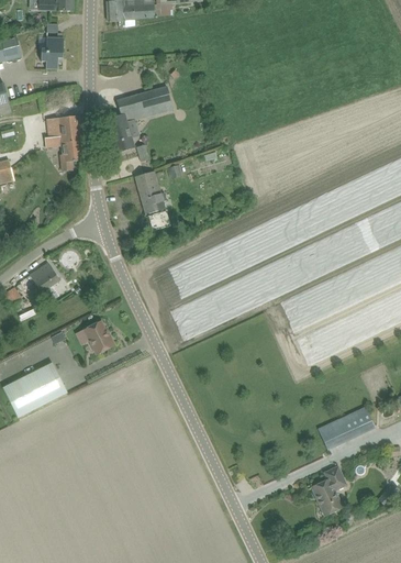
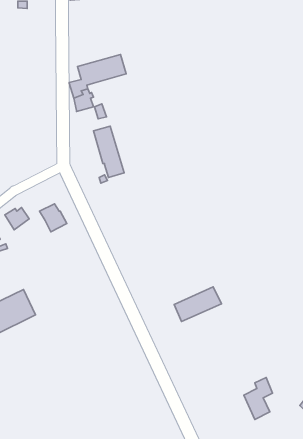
building: [41,36,64,68] -> none
building: [45,114,85,170] -> none
building: [83,320,115,353] -> [40,204,67,232]
building: [319,407,375,448] -> [174,287,222,321]

